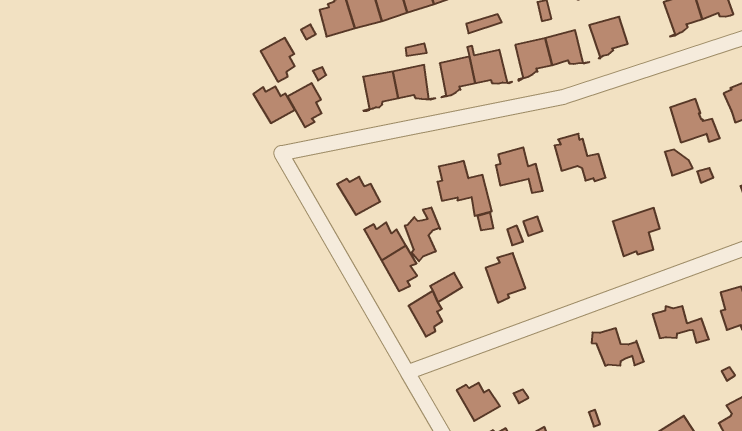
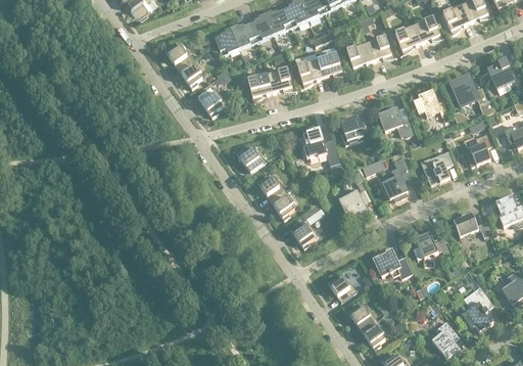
building: none -> [414,16,444,42]
building: [253,86,295,123] -> [164,43,193,67]
building: none -> [415,90,447,116]
building: none -> [465,132,492,165]
building: [405,207,440,261] -> none
building: none -> [382,156,411,199]
building: none -> [373,248,412,277]

